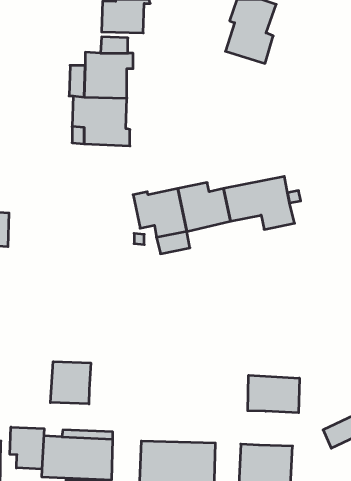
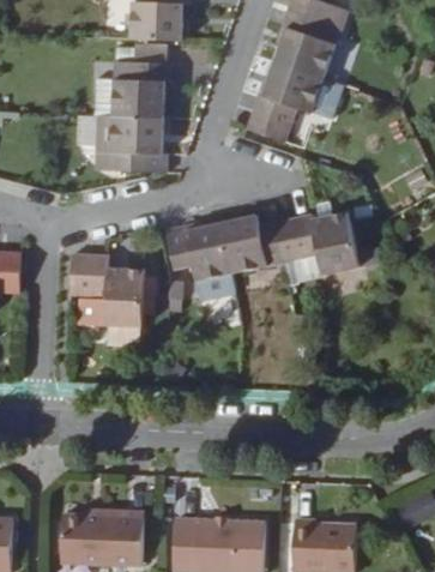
building: none -> [248,61,324,143]
building: none -> [71,254,146,327]
building: [50,362,91,404] -> none
building: [248,375,299,413] -> none
building: [10,427,44,469] -> none

